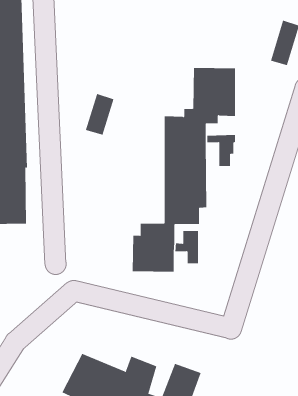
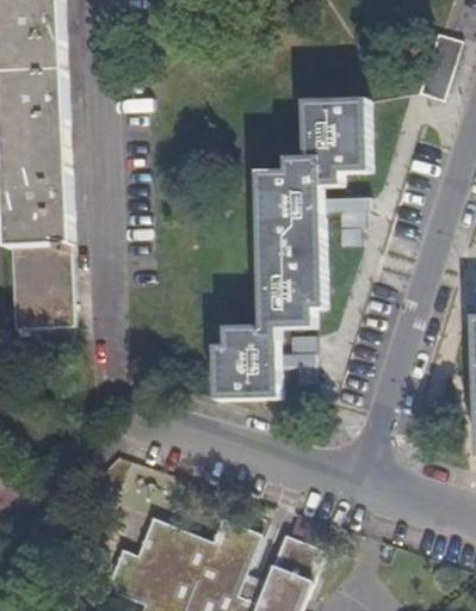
building: [85,93,114,136] -> none

